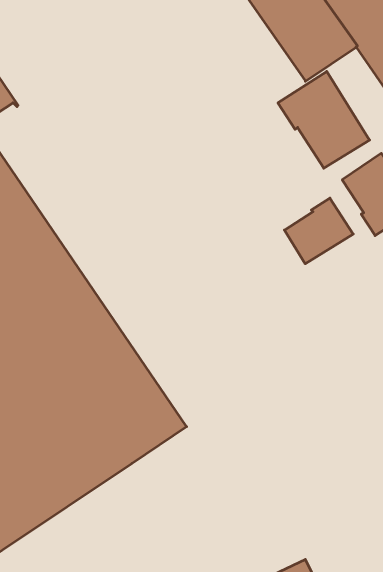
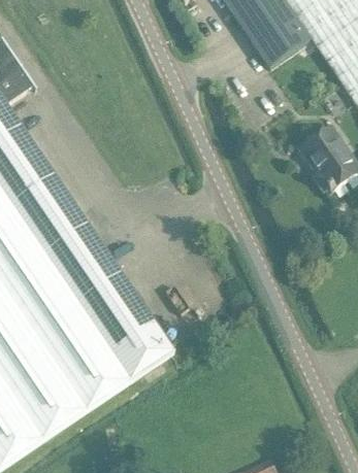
building: [278,71,370,168] -> none
building: [284,198,353,264] -> none

